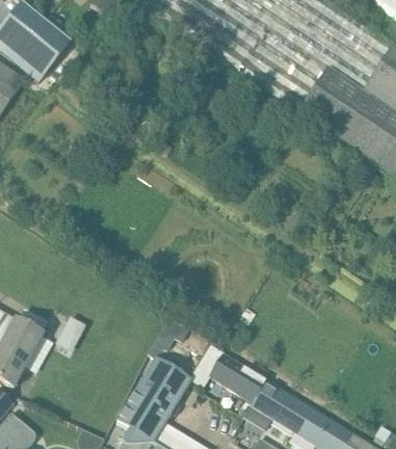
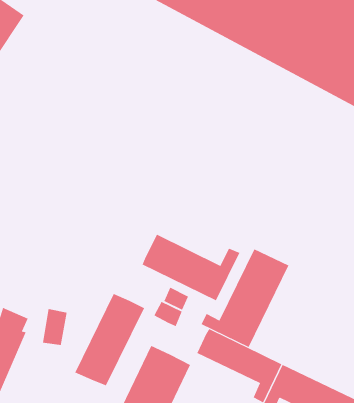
building: none -> [142,234,240,301]
building: none -> [201,248,289,348]
building: none -> [75,293,145,386]

